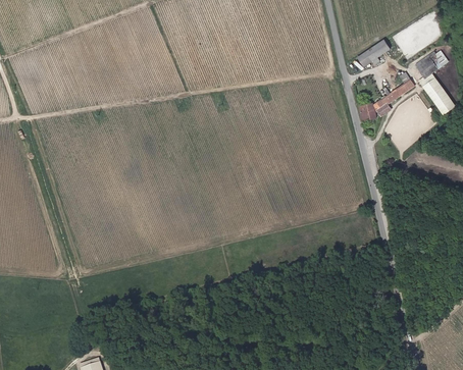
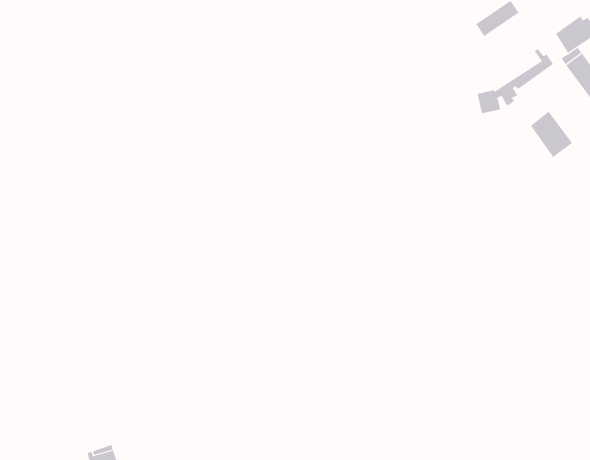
building: none -> [530,111,573,158]

